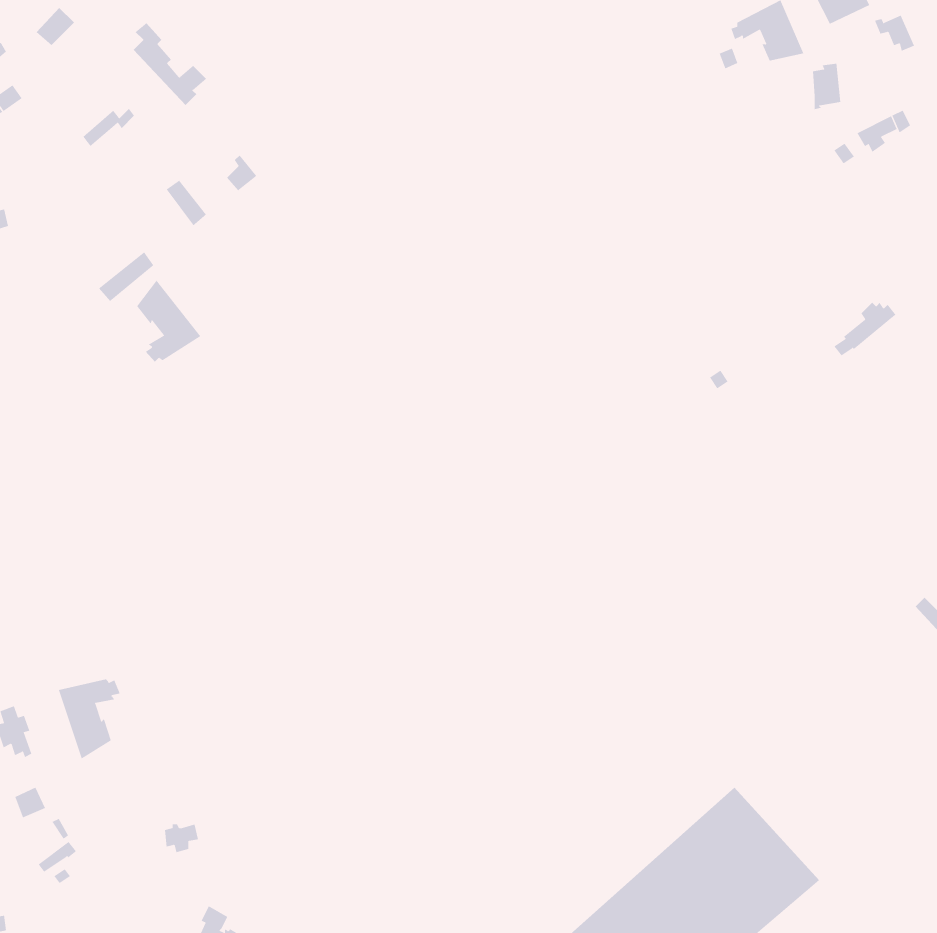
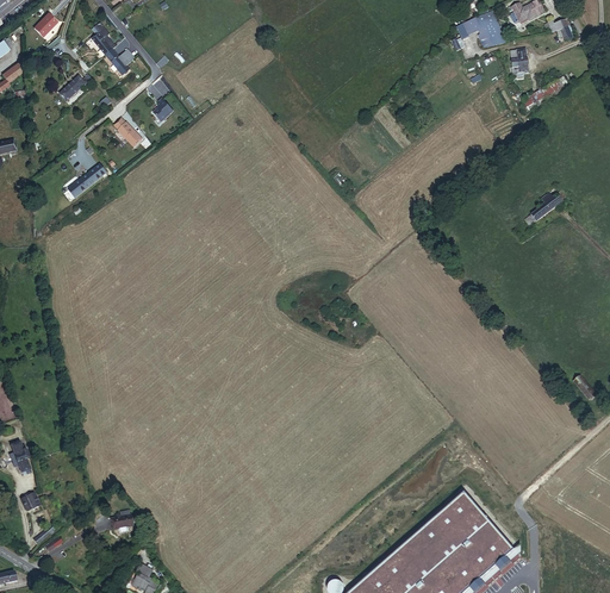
building: [136,280,201,363] -> none
building: [58,678,120,760] -> none

